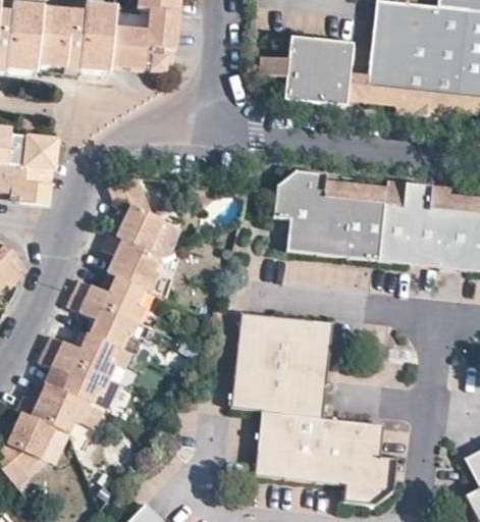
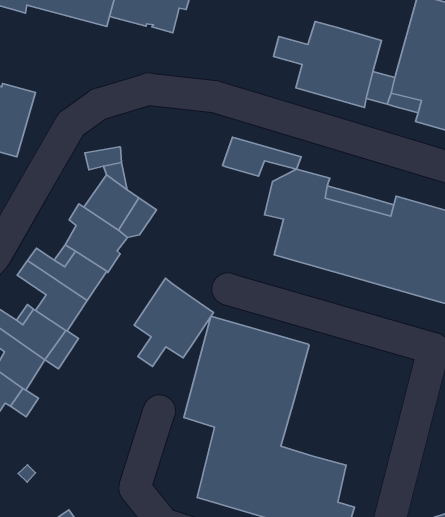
building: none -> [223,137,301,176]
building: none -> [134,278,213,366]

